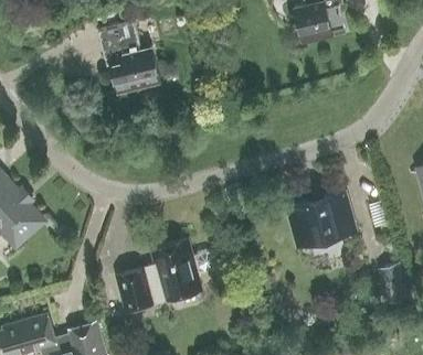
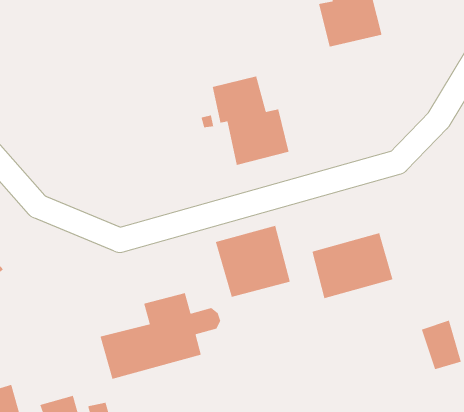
building: [97,21,160,94] -> [212,76,290,166]
building: none -> [215,225,291,298]

